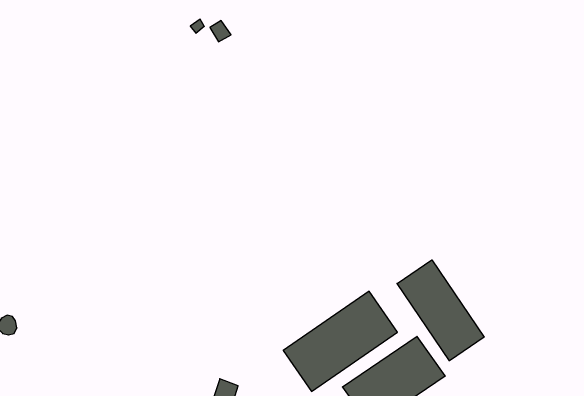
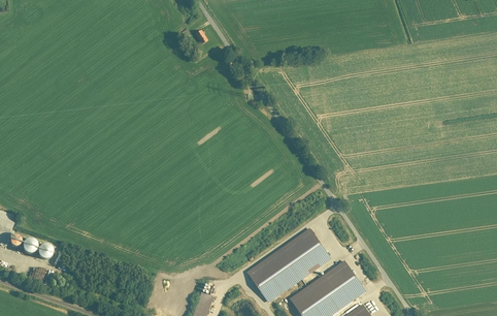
building: [397,260,484,361] -> none

